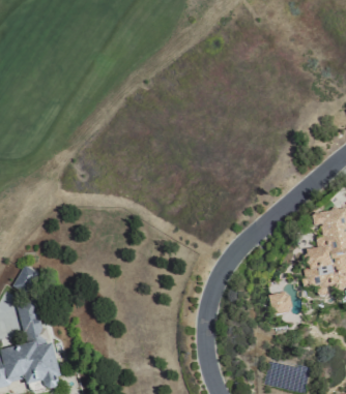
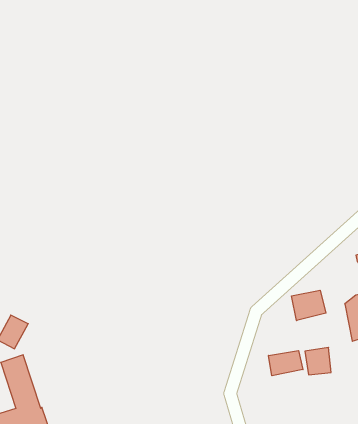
building: none -> [292,290,326,321]
building: none -> [269,351,303,376]

